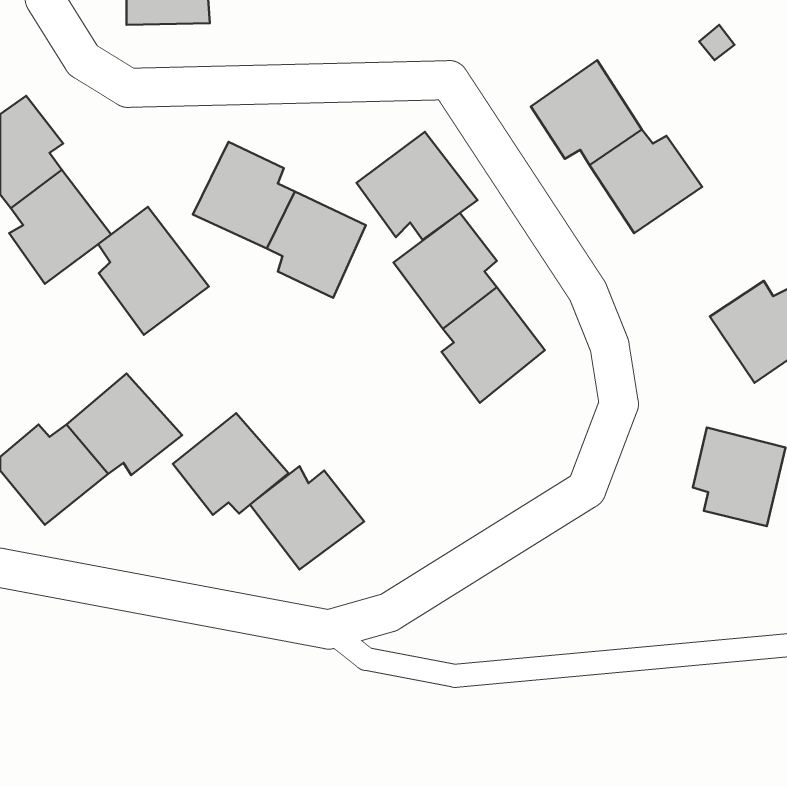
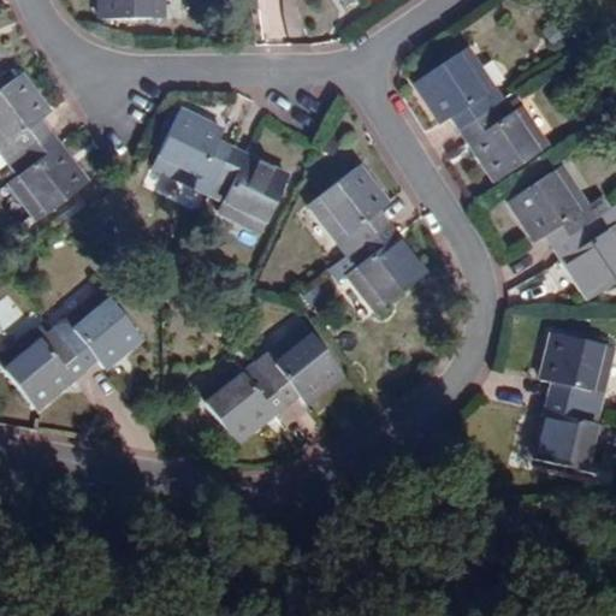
building: [356,132,477,240] -> none
building: [98,207,209,335] -> none
building: none -> [509,166,597,247]
building: [173,413,289,515] -> [254,327,344,407]
building: none -> [535,398,608,474]

